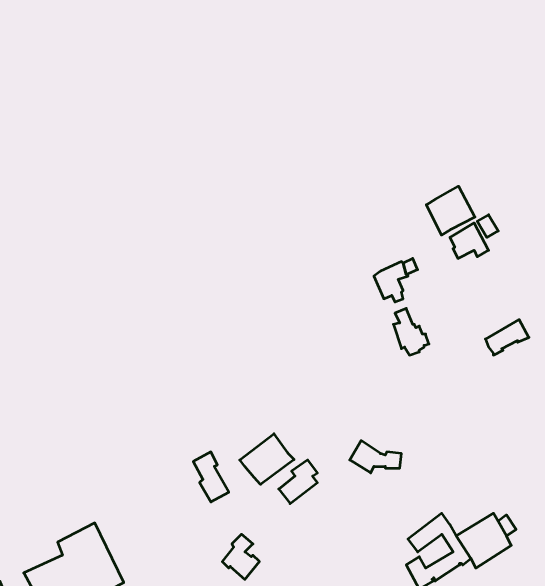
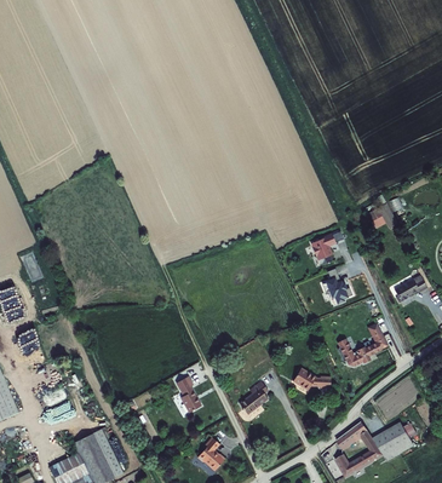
building: [426,186,475,235] -> none
building: none -> [337,322,388,367]
building: [240,434,294,484] -> none

